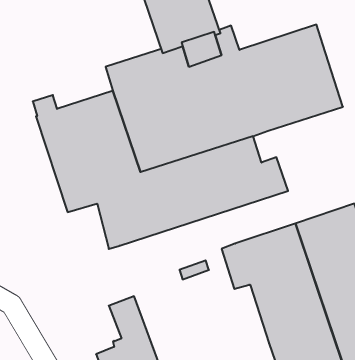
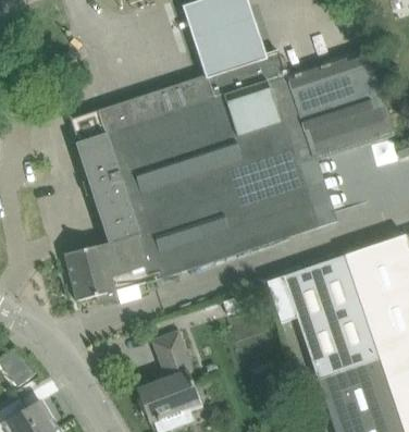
building: none -> [69,92,156,136]
building: none -> [64,234,151,303]

